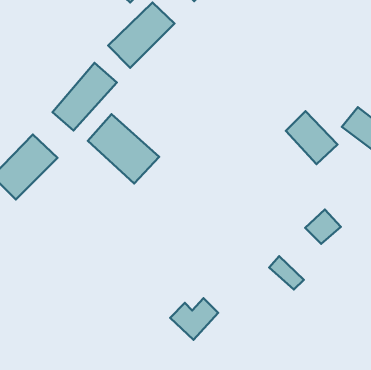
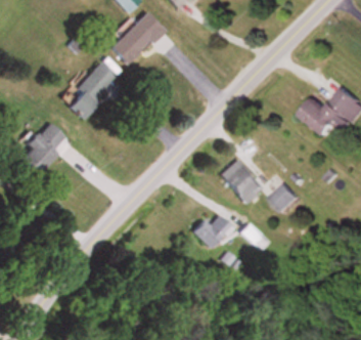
building: [286,111,338,164] -> [222,160,265,204]
building: [88,114,159,183] -> none
building: [170,298,218,340] -> [193,215,233,250]

